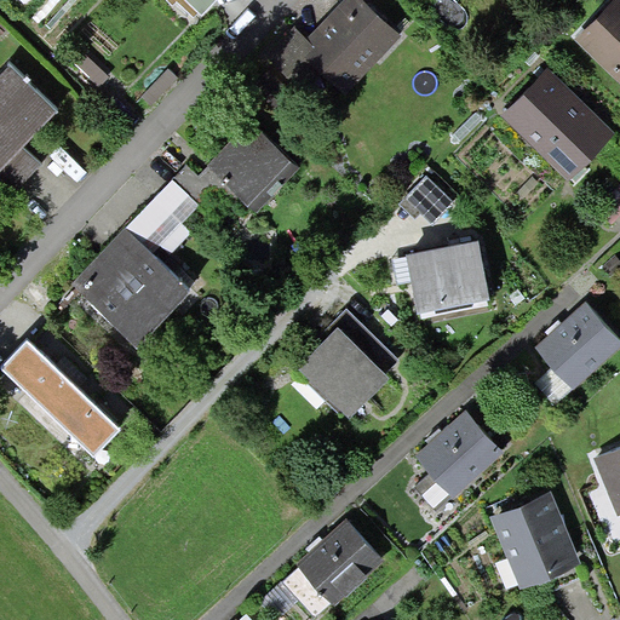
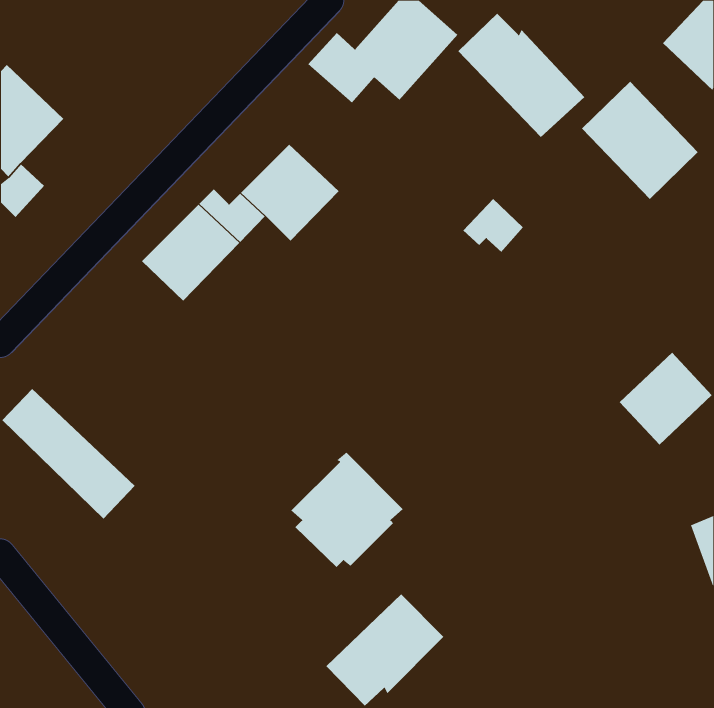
building: none -> [457,13,585,138]
building: [73,231,183,341] -> none
building: [407,235,493,308] -> none
building: [298,311,396,412] -> [290,452,404,568]
building: [415,409,504,509] -> none
building: [489,492,579,587] -> none

